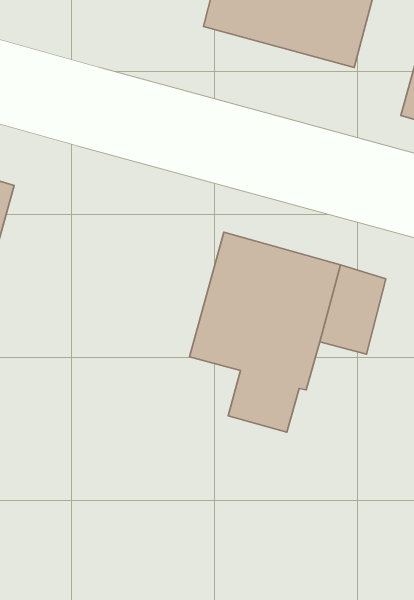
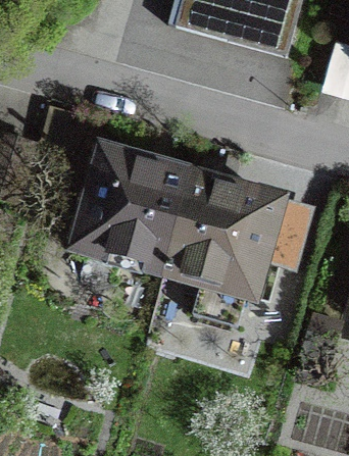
building: none -> [77,152,190,269]

